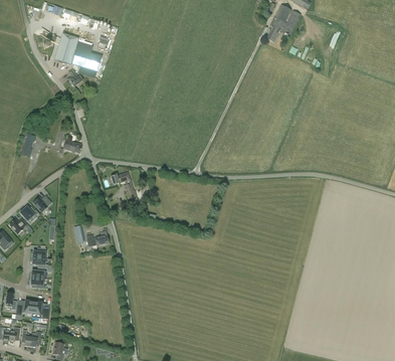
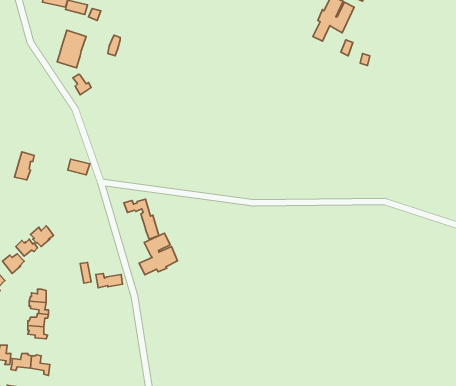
building: [71,49,102,71] -> none
building: none -> [139,233,177,275]

